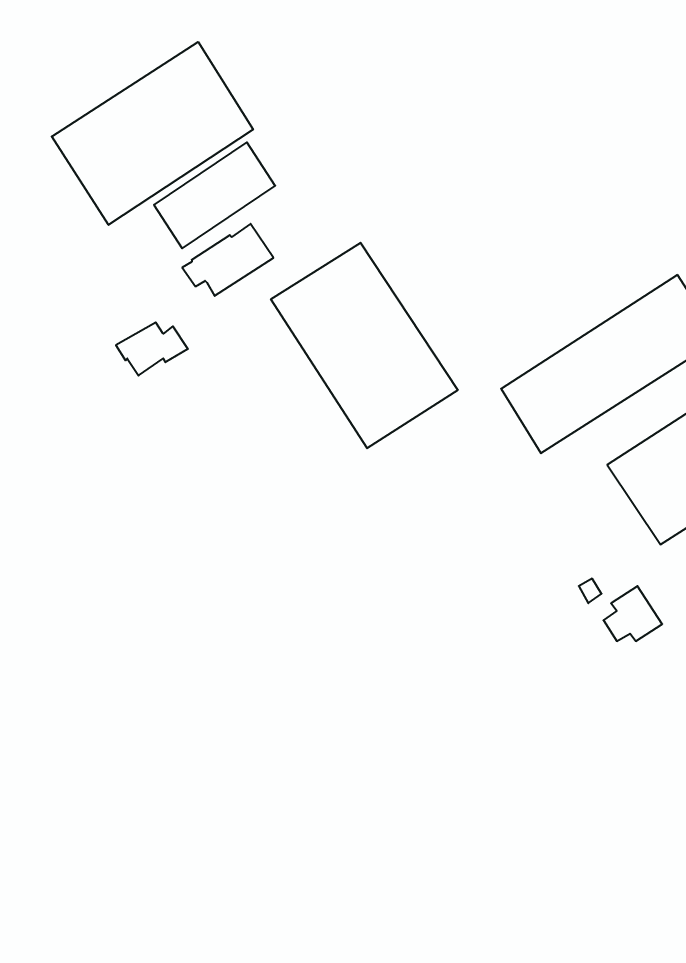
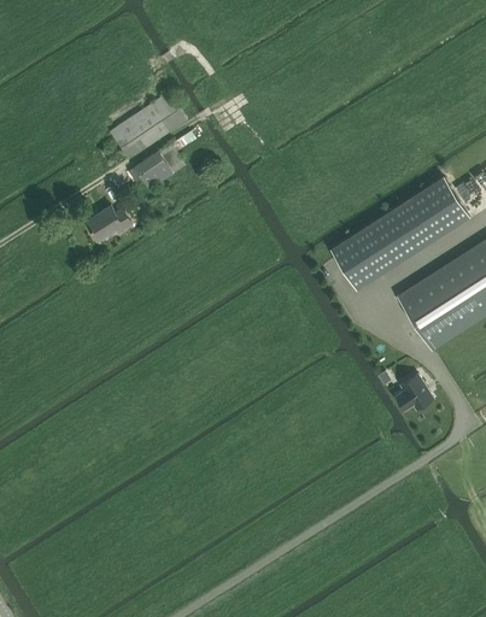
building: [52,42,253,225] -> none
building: [271,243,458,448] -> none

